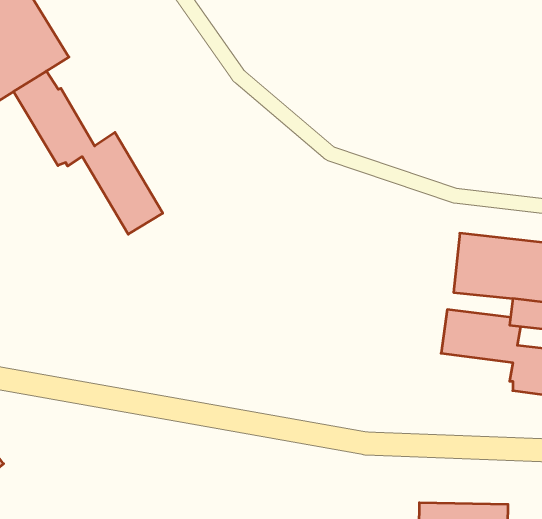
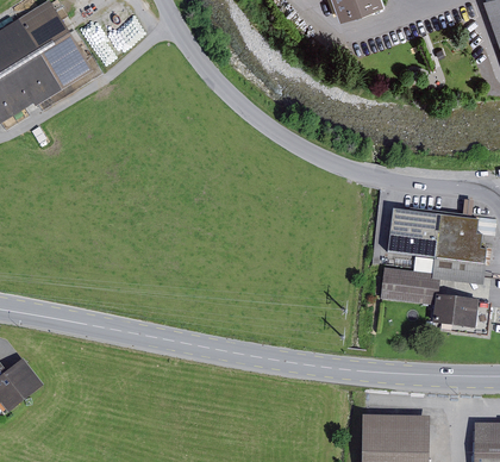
building: [13,71,163,234] -> none

